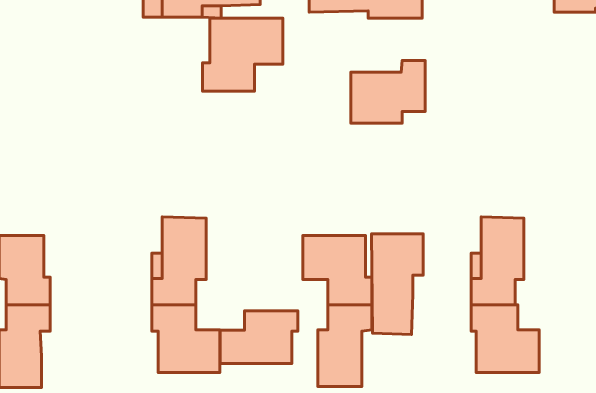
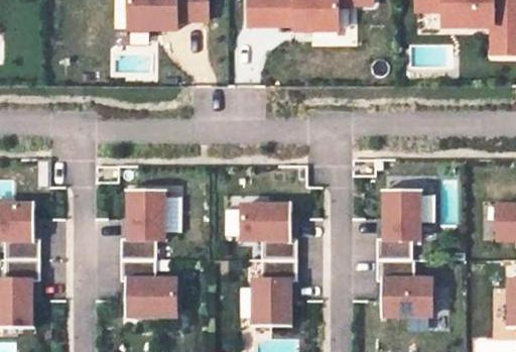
building: [202,18,283,91] -> none
building: [351,61,425,123] -> none
building: [371,234,423,335] -> none
building: [220,311,298,363] -> none

